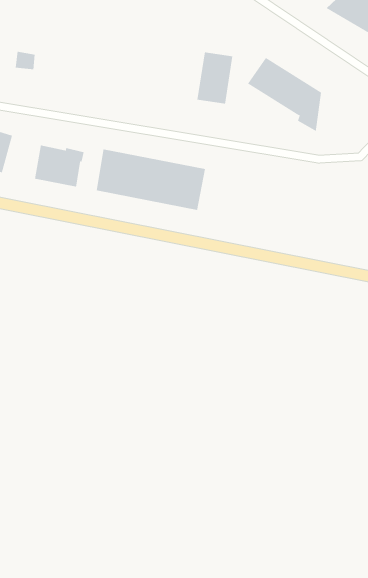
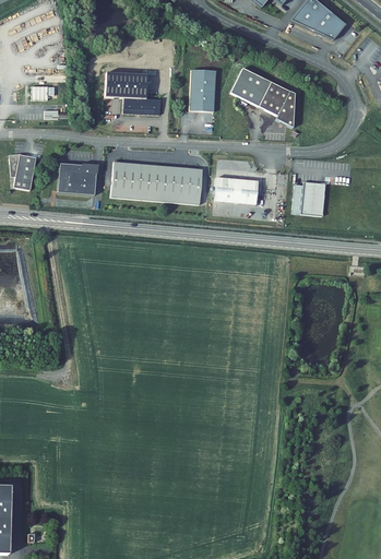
building: none -> [106,72,160,114]
building: none -> [215,177,259,204]
building: none -> [294,181,326,215]

